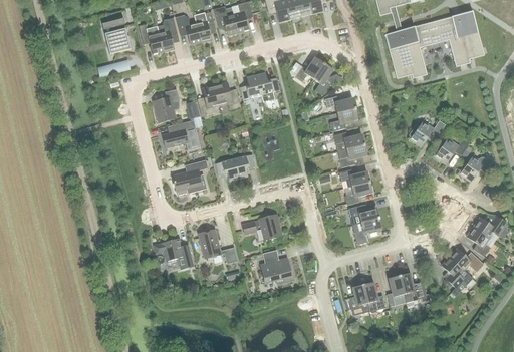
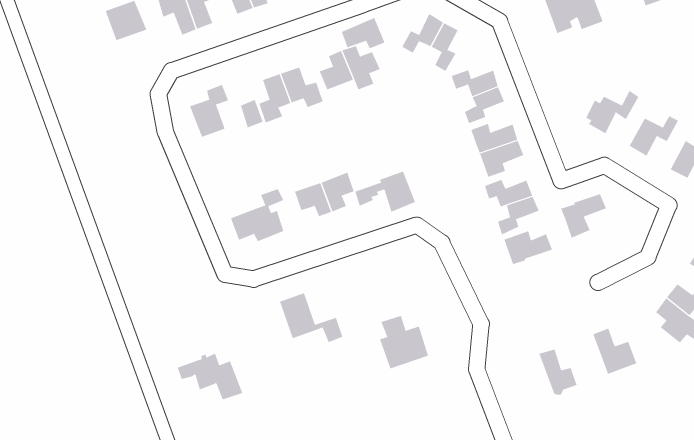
building: none -> [341,17,385,49]
building: [162,119,200,150] -> none
building: [242,214,281,240] -> [354,171,416,212]
building: [351,218,381,245] -> [560,193,607,238]
building: [153,238,194,269] -> [177,353,243,400]
building: [387,275,406,306] -> none
building: [344,284,369,315] -> none

